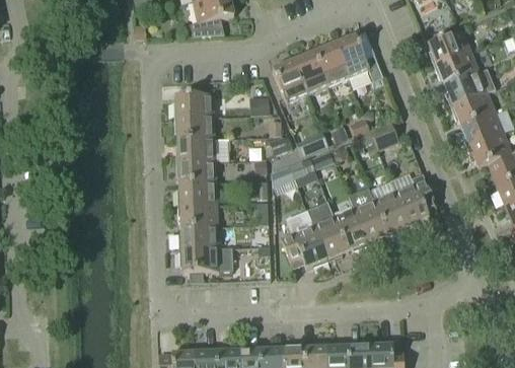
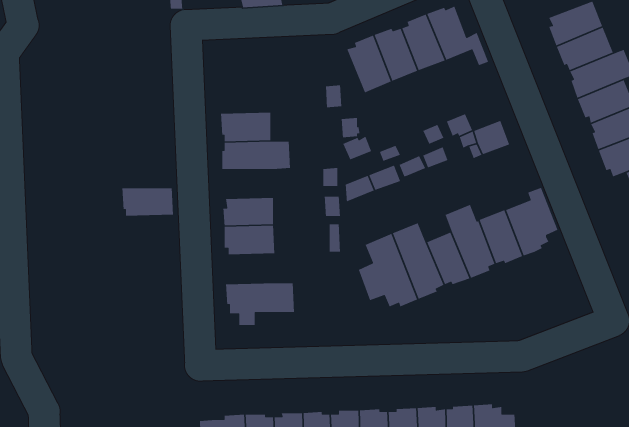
building: [174,93,214,117] -> none
building: [175,160,216,182] -> [121,188,174,216]
building: [178,225,218,248] -> none

